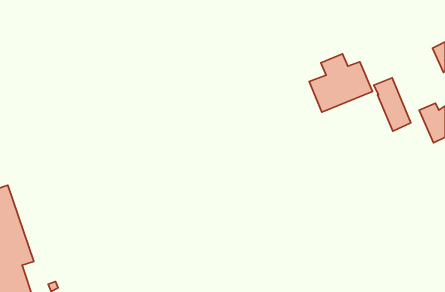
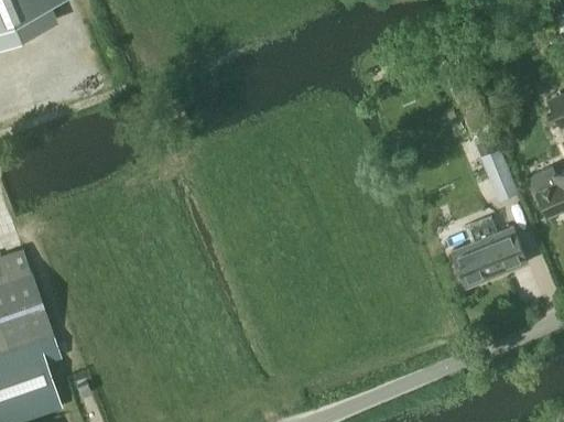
building: [309,54,372,112] -> [452,215,529,286]

